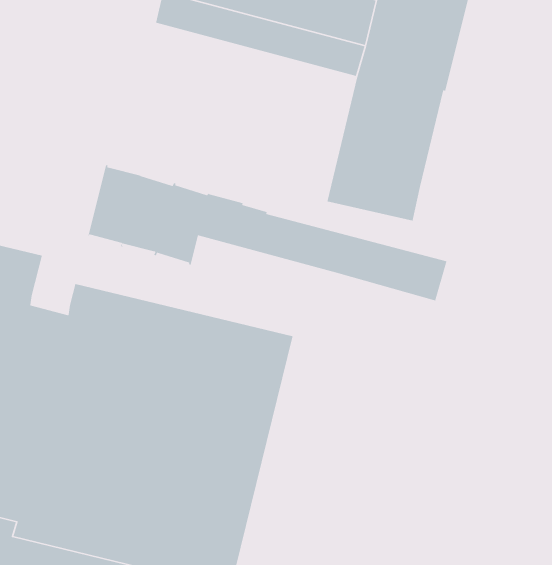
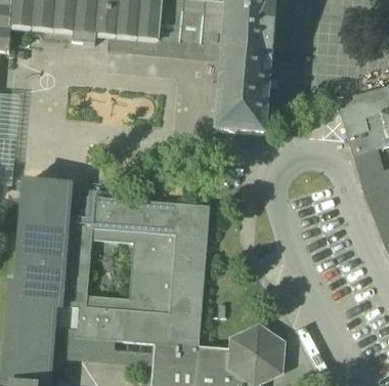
building: [87,164,448,301] -> none

